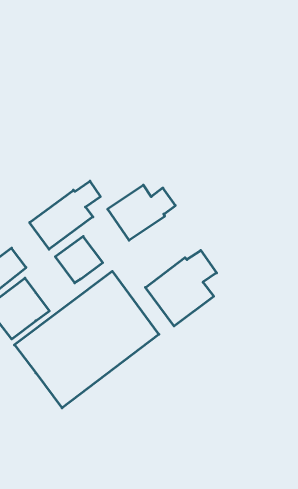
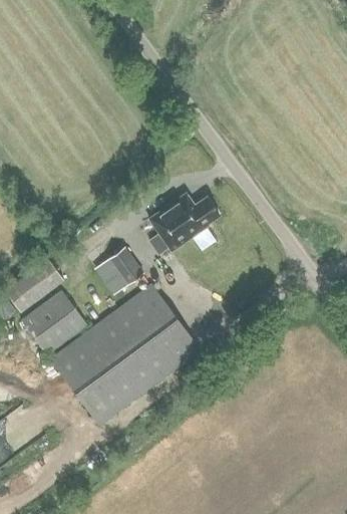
building: [30,181,100,249] -> none
building: [145,250,217,326] -> none

